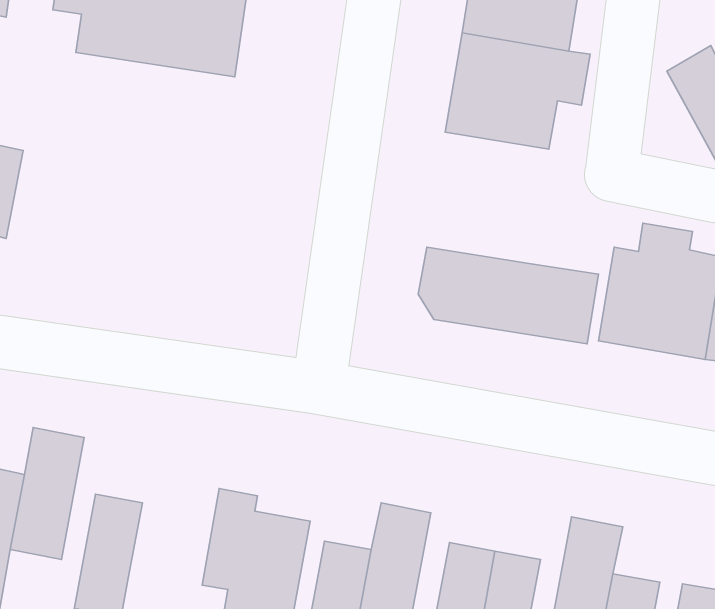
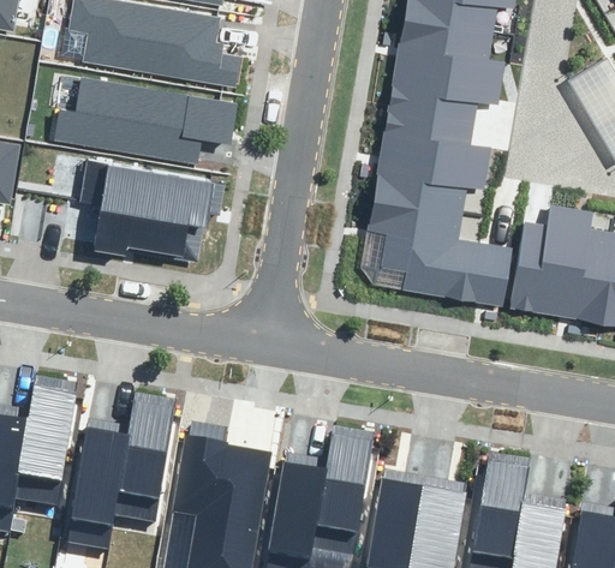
building: none -> [38,78,219,167]
building: none -> [369,127,491,239]
building: none -> [95,163,216,255]
building: none -> [117,401,179,513]

